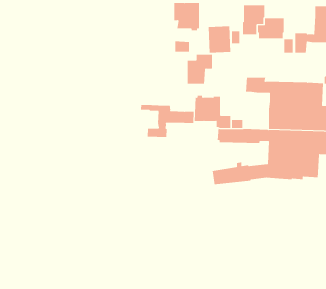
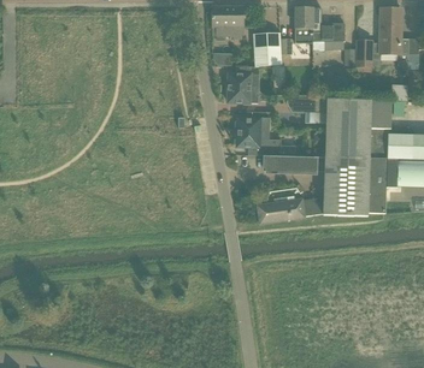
building: [141,104,194,138] -> none

